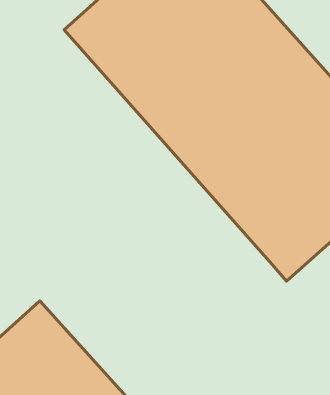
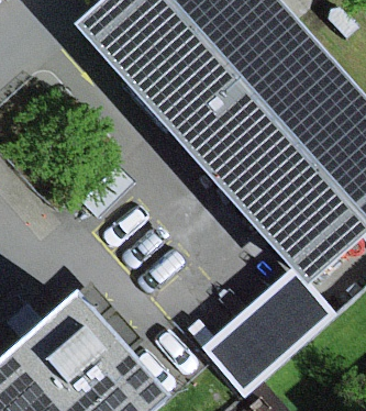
building: none -> [204,269,334,393]

